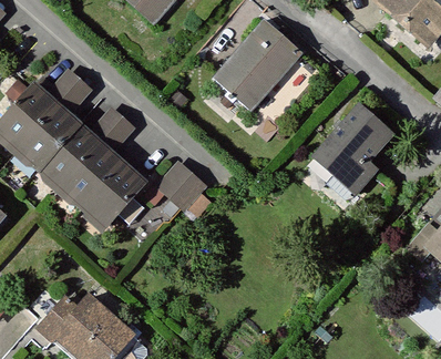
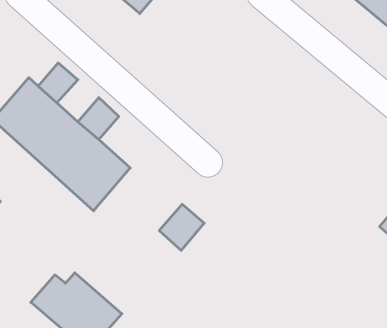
building: [219,25,298,107] -> none
building: [317,109,392,192] -> none
building: [154,164,202,213] -> [159,204,204,250]

